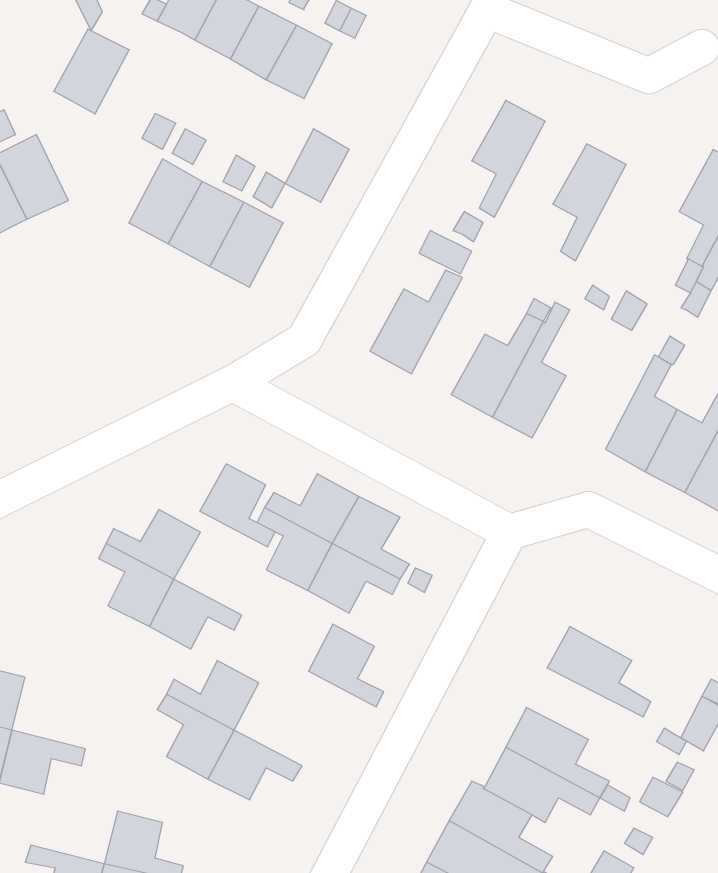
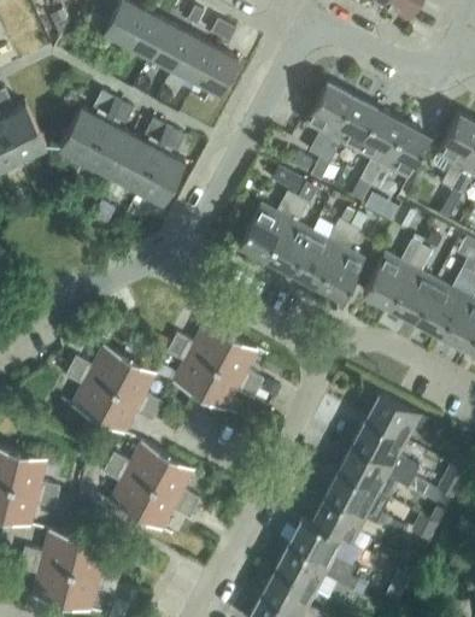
building: [54,29,129,114] -> [58,108,106,163]
building: none -> [318,98,377,164]
building: [285,129,349,202] -> [197,48,238,95]
building: none -> [370,125,429,192]
building: none -> [265,198,312,272]
building: none -> [363,241,421,307]
building: [200,464,275,547] -> [113,360,162,413]
building: none -> [366,395,441,442]
building: [308,624,384,707] -> [152,457,200,510]
building: none -> [339,447,414,493]
building: none -> [10,453,59,499]
building: none -> [22,531,77,572]

